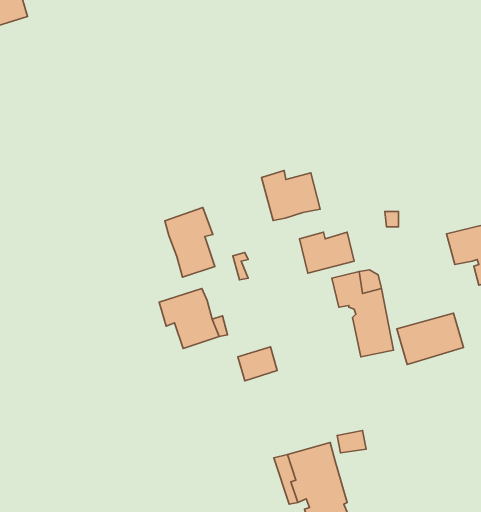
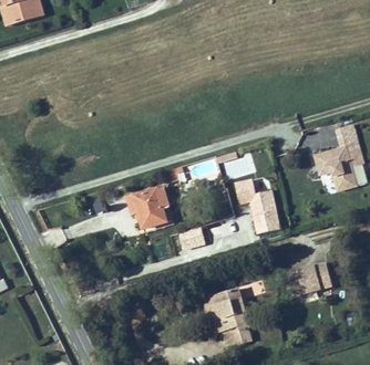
building: [261,170,320,220] -> none
building: [165,207,215,277] -> none
building: [397,313,464,365] -> [288,262,331,295]

